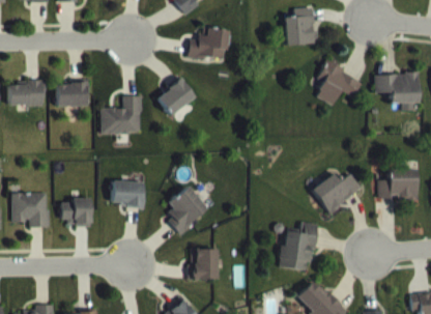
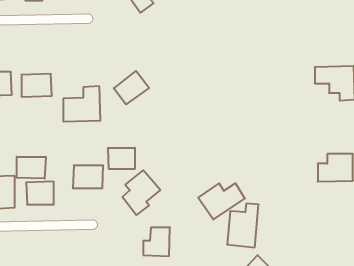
building: [285,7,317,45] -> none
building: [189,28,228,60] -> none
building: [316,62,363,105] -> none
building: none -> [108,148,135,169]
building: none -> [17,157,46,179]
building: [311,173,362,212] -> [198,183,245,220]

